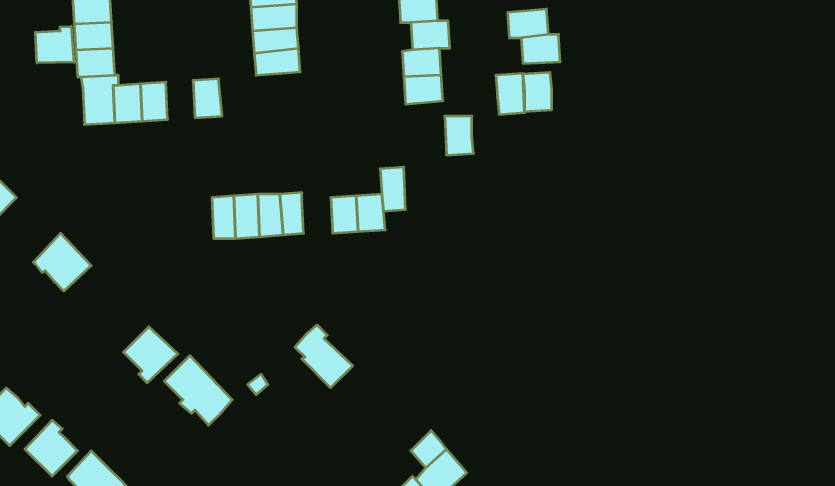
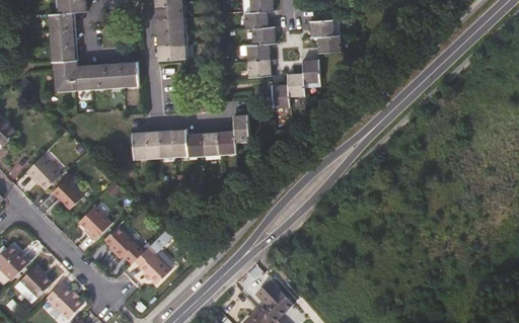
building: [36,26,74,63] -> none
building: [523,72,552,111] -> [287,73,304,96]
building: none -> [105,63,123,86]
building: none -> [187,133,205,155]
building: none -> [56,181,85,212]
building: [295,325,353,388] -> [138,248,172,286]

